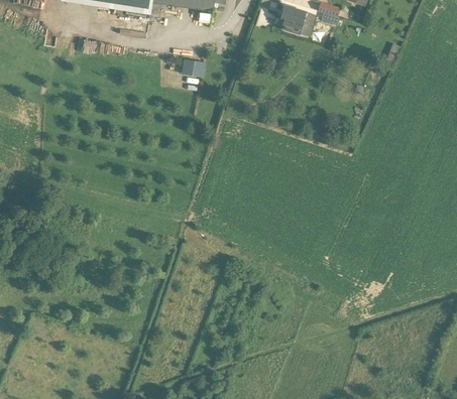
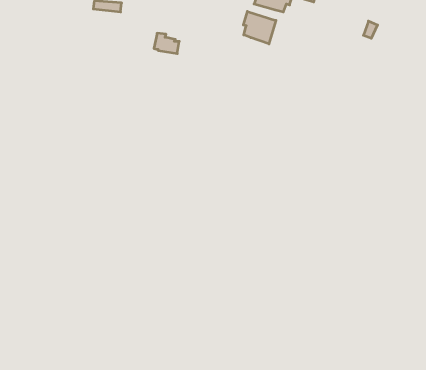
building: none -> [243,11,276,44]

